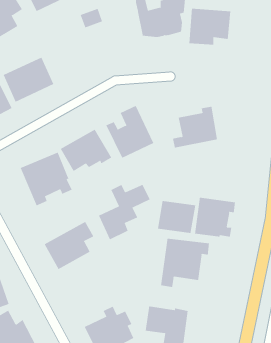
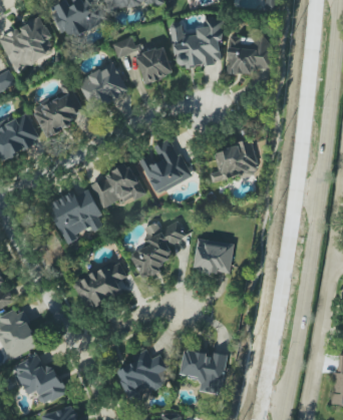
building: none -> [135,47,173,84]
building: none -> [77,63,127,109]
building: [194,197,236,238] -> none
building: [160,238,210,288] -> none

